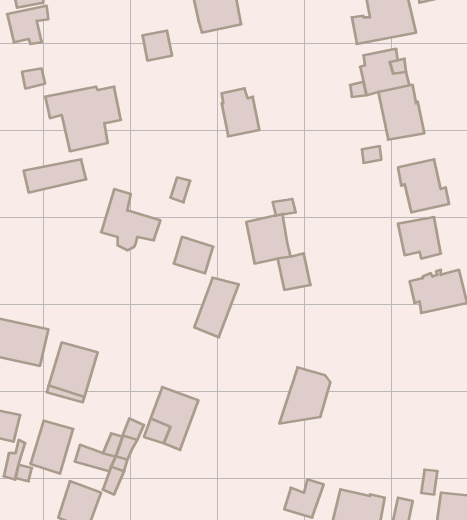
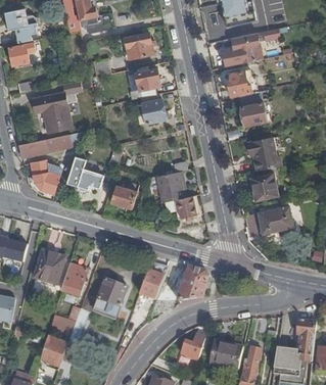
building: none -> [131,68,160,98]
building: none -> [31,159,60,192]
building: [194,278,239,337] -> [139,262,167,299]
building: [30,421,73,474] -> [60,263,87,296]

